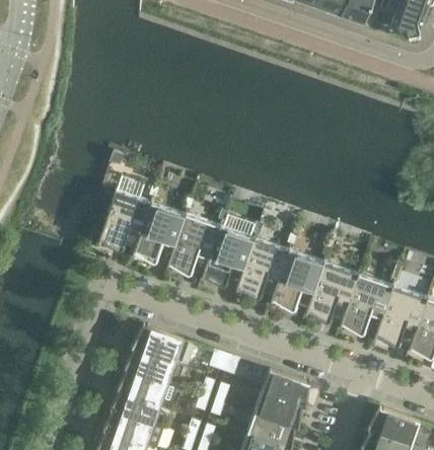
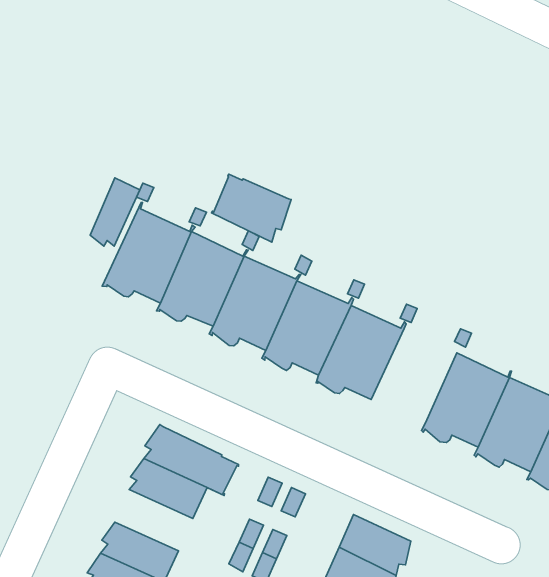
building: none -> [211,174,291,242]
building: none -> [90,178,140,246]
building: [274,251,327,309] -> none
building: [122,369,170,404] -> none

